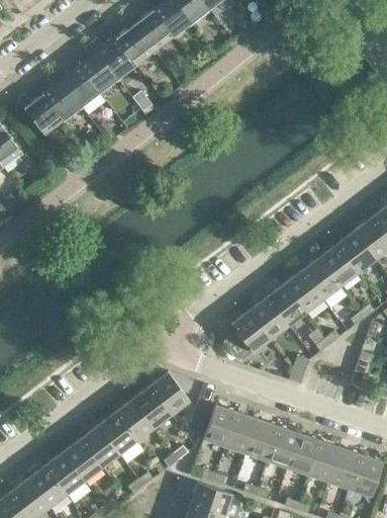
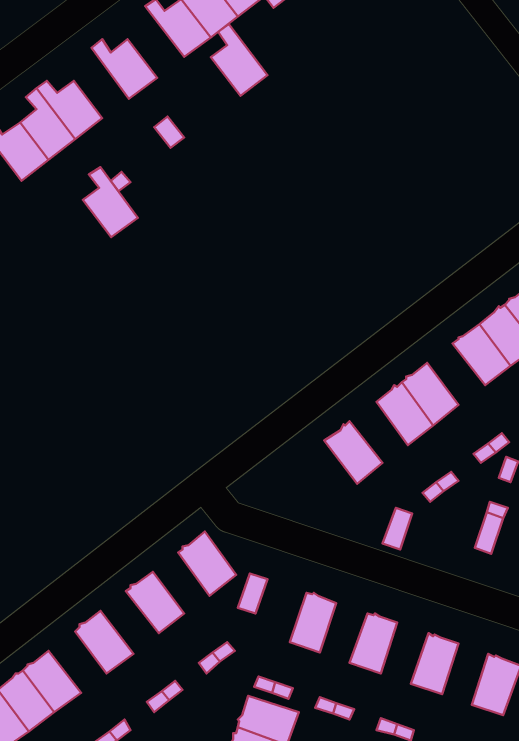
building: [116,15,155,64] -> [211,24,267,96]
building: [80,44,117,91] -> [83,167,138,237]
building: [319,244,359,285] -> none
building: [267,283,306,325] -> none
building: [224,310,272,360] -> none
building: [133,385,172,427] -> none
building: [204,405,237,446] -> none
building: [98,412,137,454] -> none
building: [247,420,279,460] -> none
building: [288,433,320,474] -> none
building: [63,439,102,481] -> none
building: [329,447,361,489] -> none

